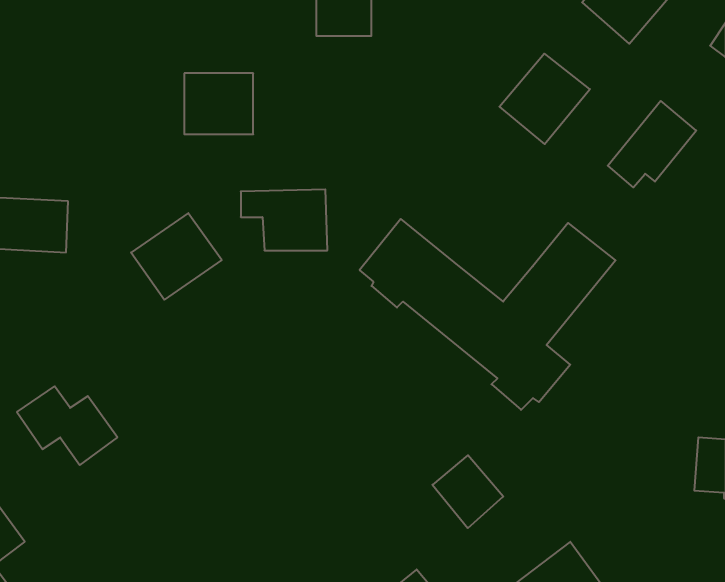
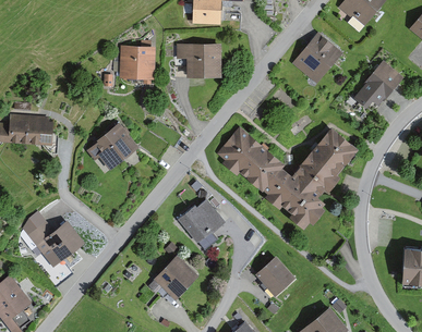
building: [241,189,327,250] -> [177,44,225,77]
building: none -> [180,197,227,243]
building: none -> [156,254,202,299]

